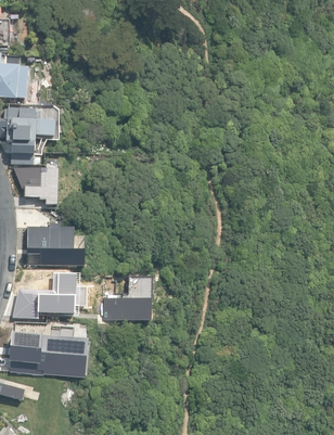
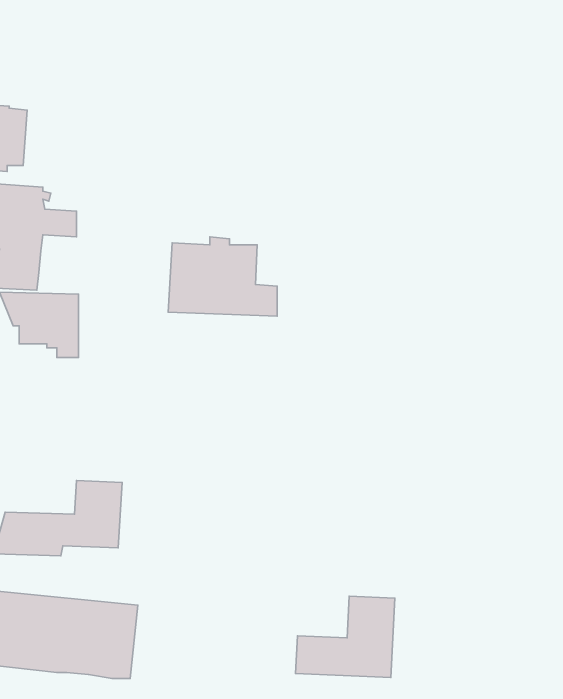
building: [25,221,85,265] -> [168,237,277,316]
building: [97,274,151,319] -> [296,596,395,677]

